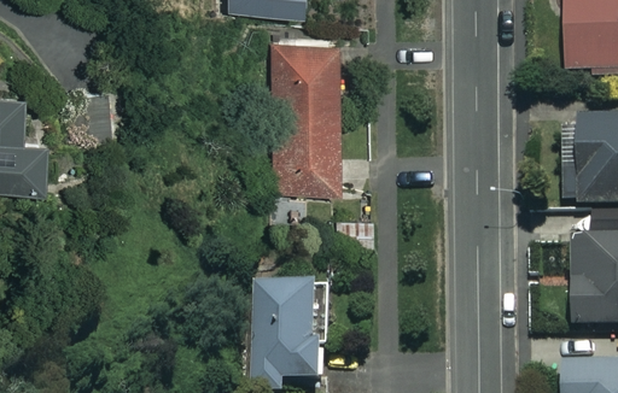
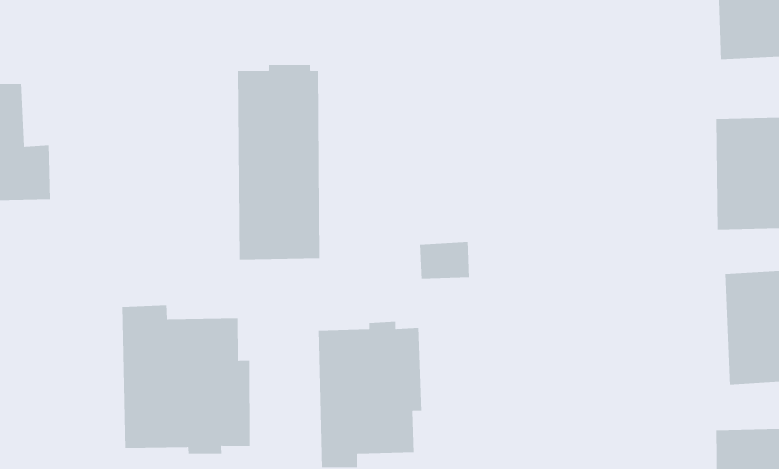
building: [272,30,337,184] -> [237,64,320,260]
building: none -> [121,305,251,454]

